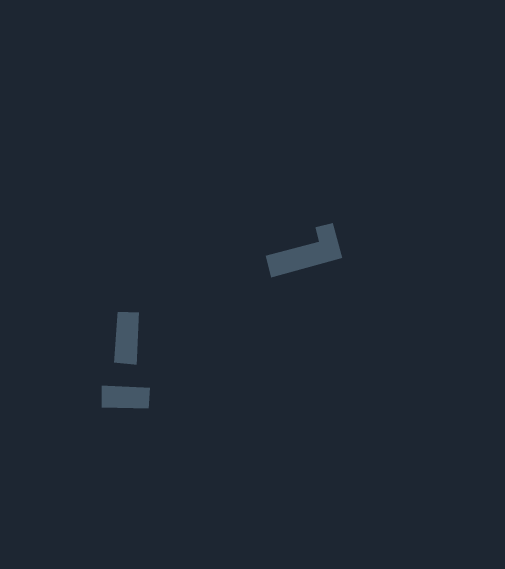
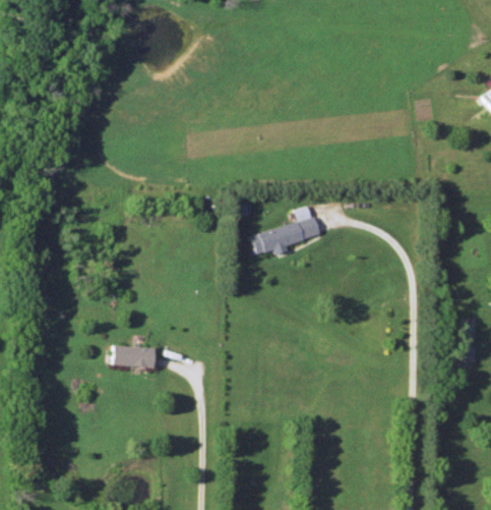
building: [113,311,140,365] -> none

